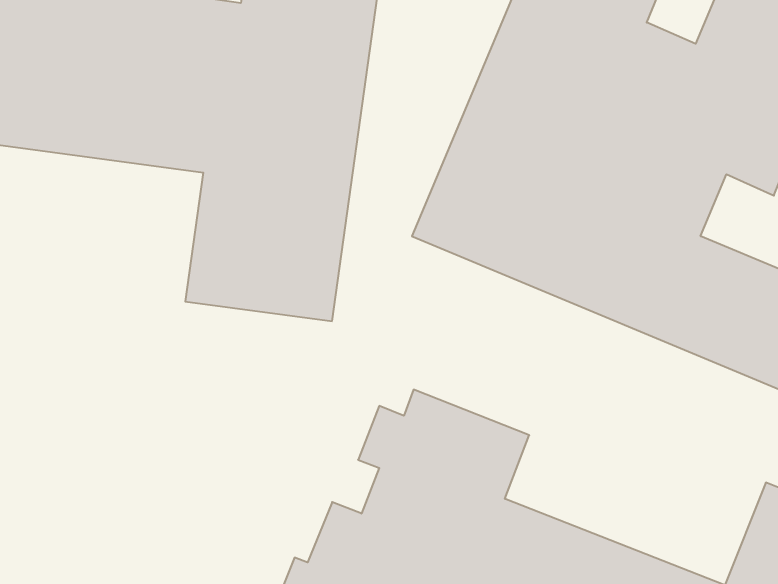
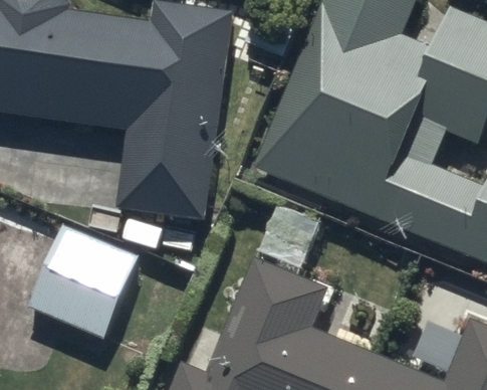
building: none -> [27,224,137,338]

